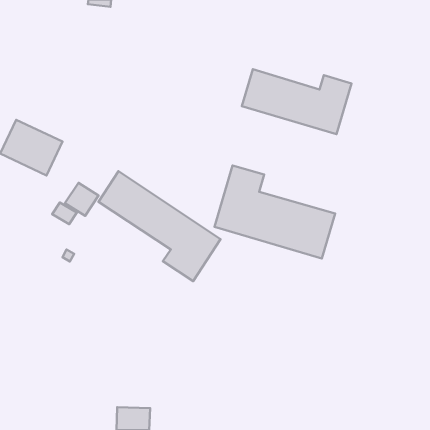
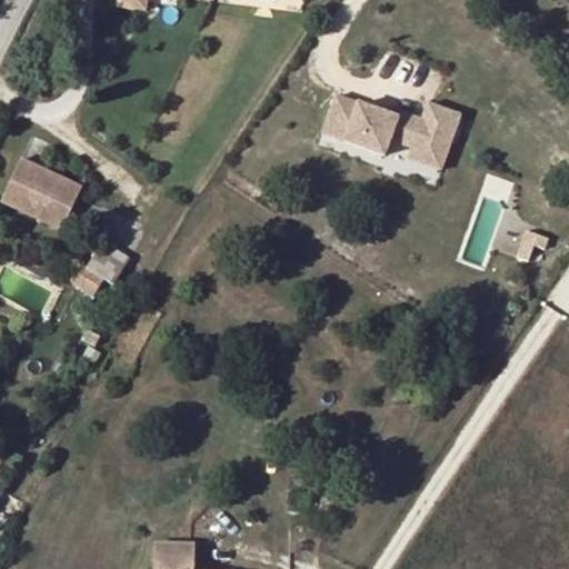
building: [215,165,335,259] -> none
building: [98,171,221,281] -> none

